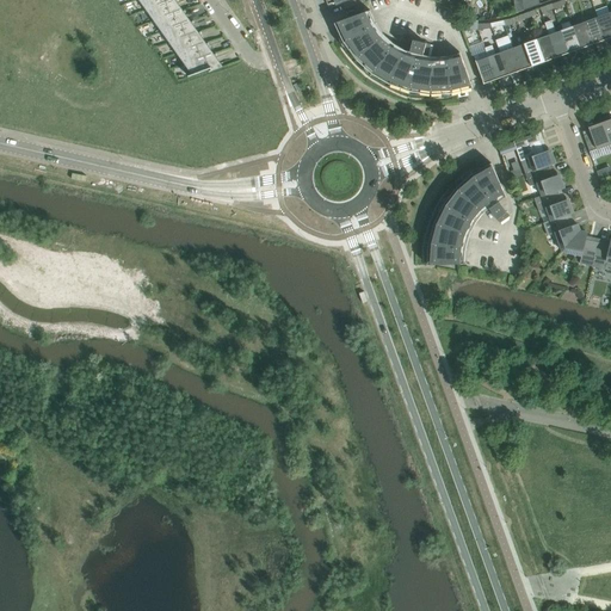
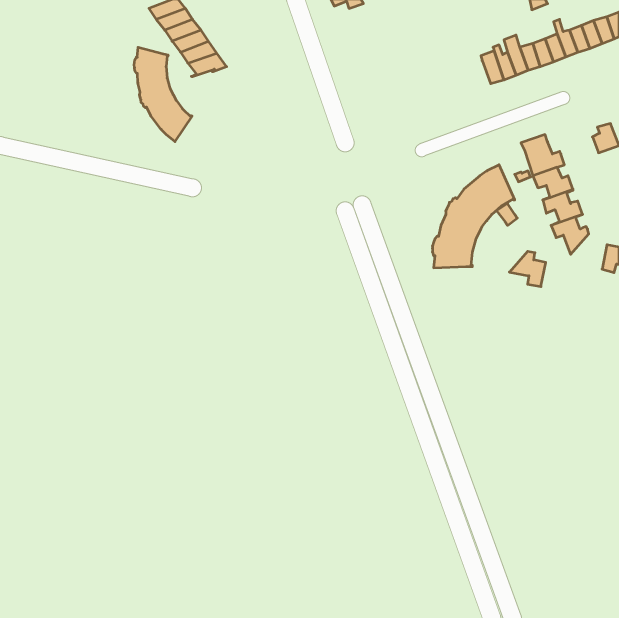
building: [334,10,473,93] -> none
building: none -> [134,47,192,142]
building: [562,230,598,265] -> [509,251,546,287]

